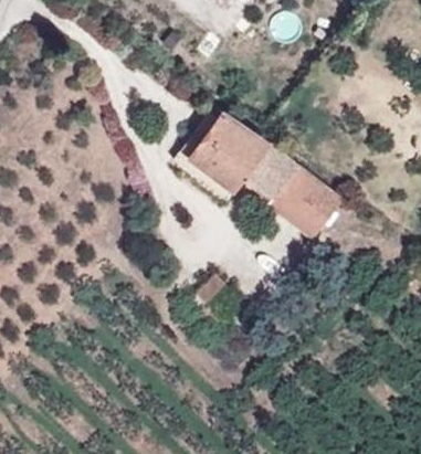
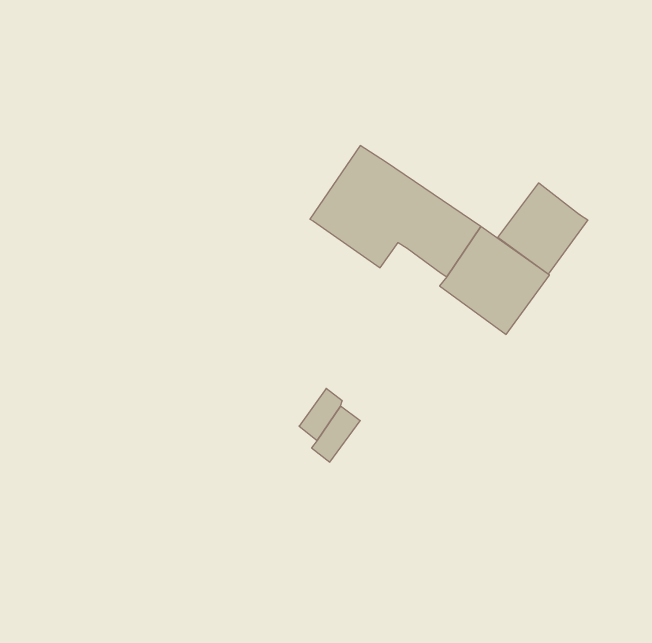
building: none -> [498,183,588,274]

